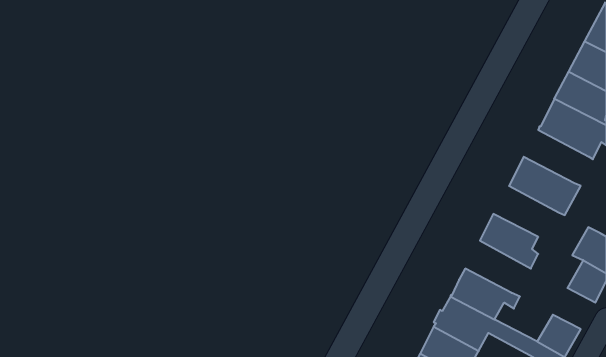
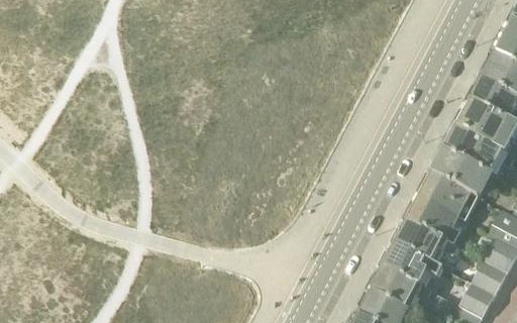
building: none -> [445,129,500,174]
building: none -> [420,176,475,221]
building: none -> [396,221,455,264]
building: none -> [470,260,505,295]

